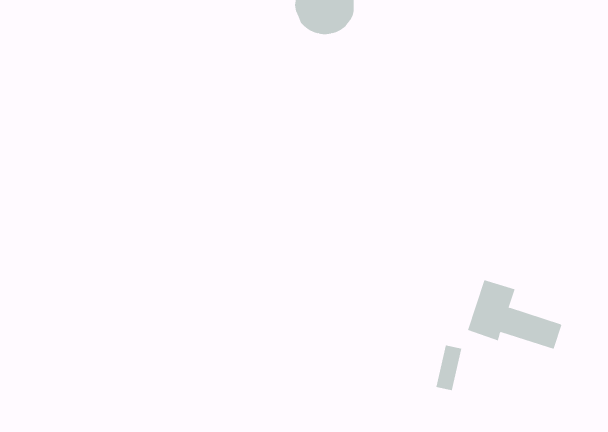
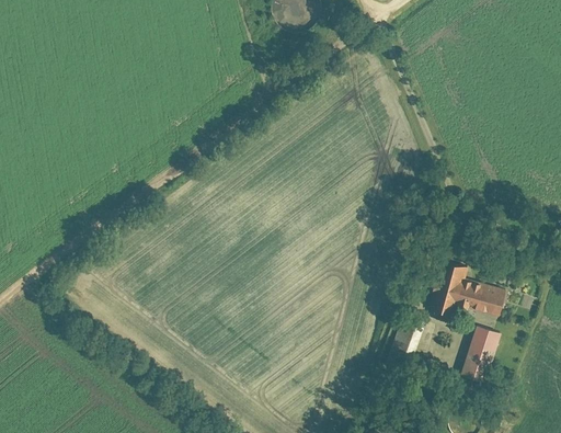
building: none -> [458,322,499,379]

